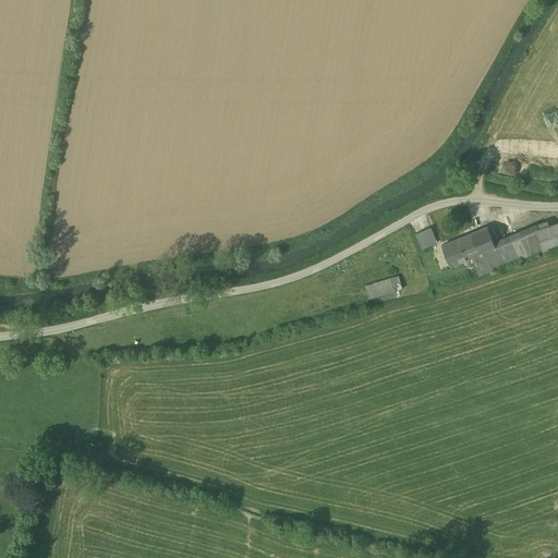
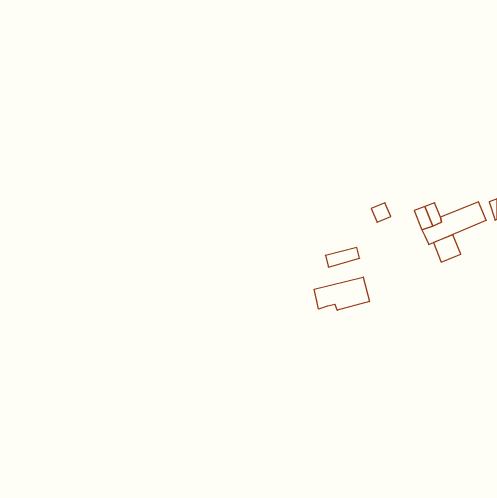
building: [441,235,472,266] -> [433,235,461,262]
building: none -> [314,277,369,310]

